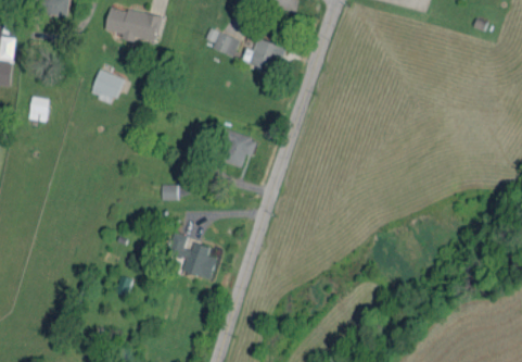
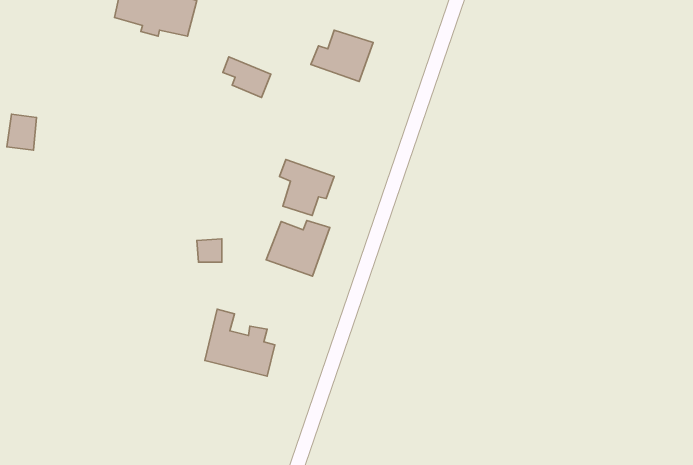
building: [206,28,240,57] -> [223,57,271,97]
building: [91,70,125,100] -> none
building: none -> [266,221,330,276]

